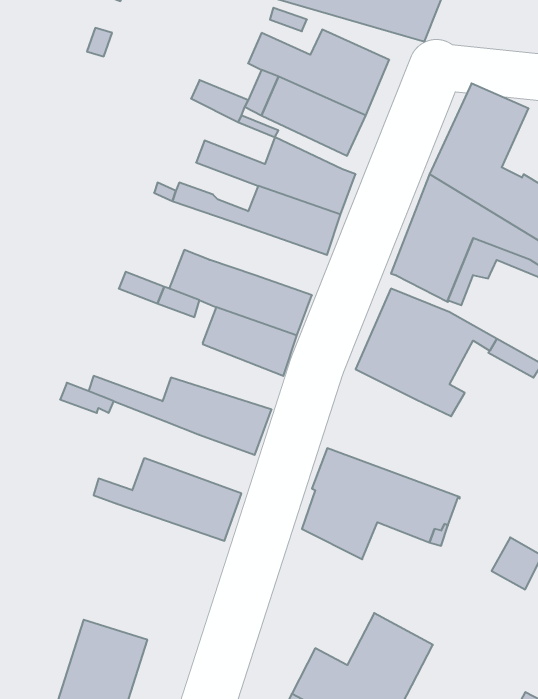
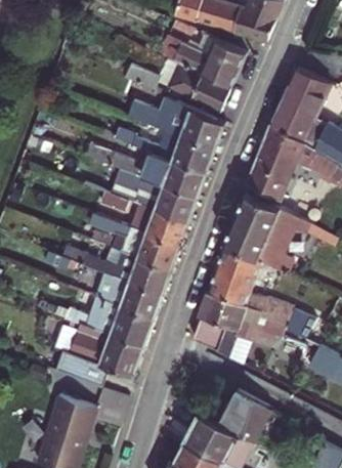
building: none -> [85,144,207,197]
building: none -> [89,212,180,266]
building: none -> [207,242,308,334]
building: none -> [96,273,163,317]
building: none -> [55,324,144,386]

